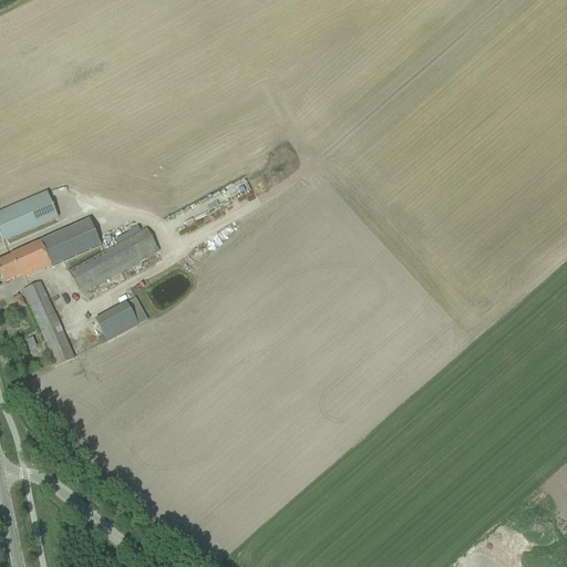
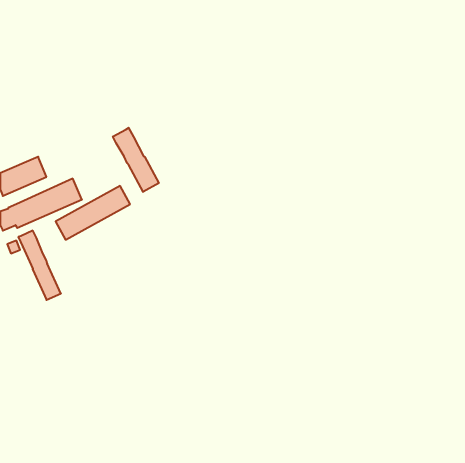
building: none -> [113,128,159,192]
building: [94,296,147,340] -> none

